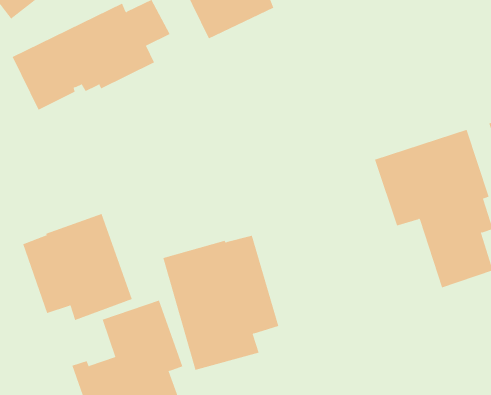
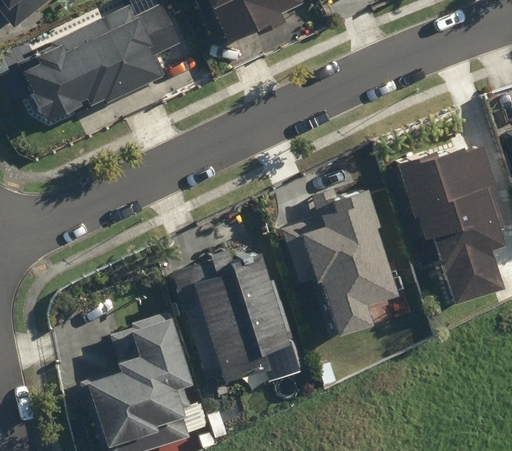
building: none -> [283,180,408,331]
building: [22,213,132,321] -> none

